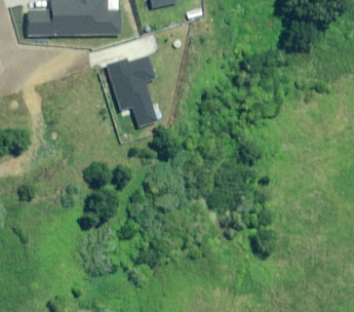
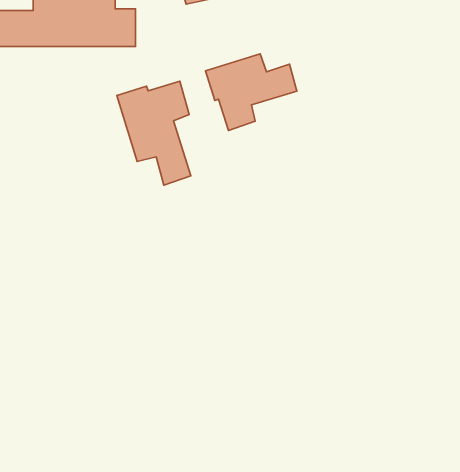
building: none -> [206,54,297,130]

